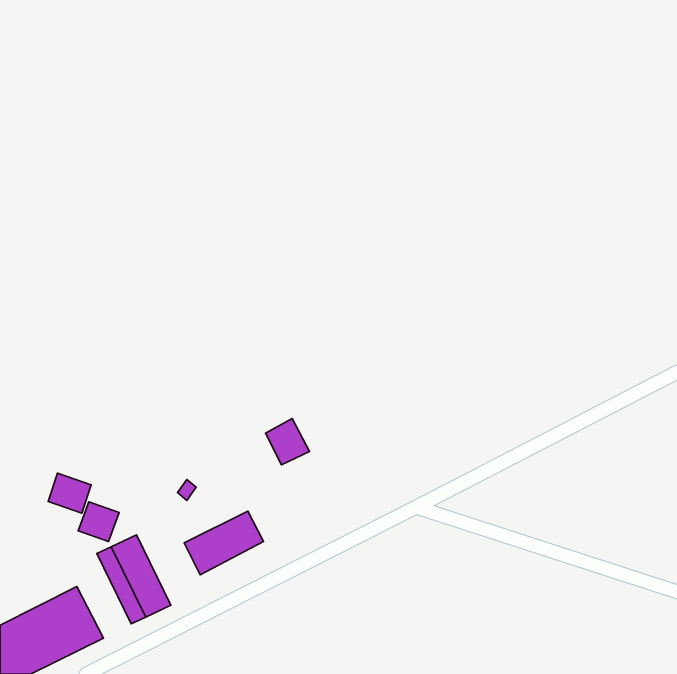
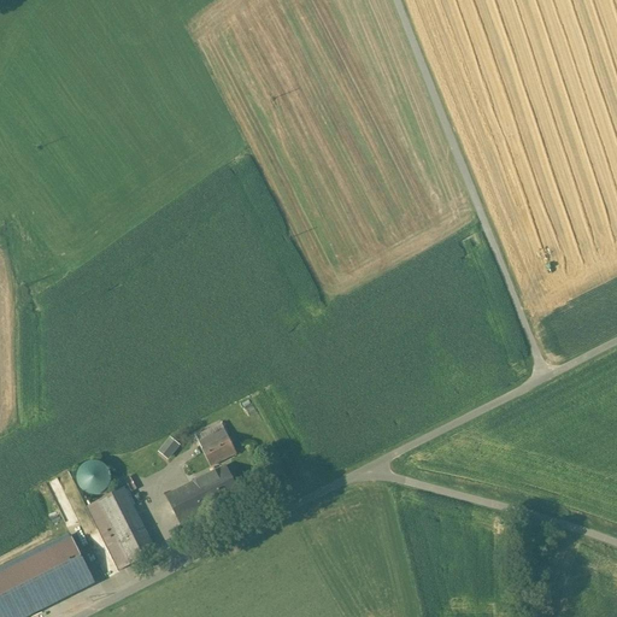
building: [266,419,309,465] -> [196,422,236,464]
building: [48,473,91,513] -> none

